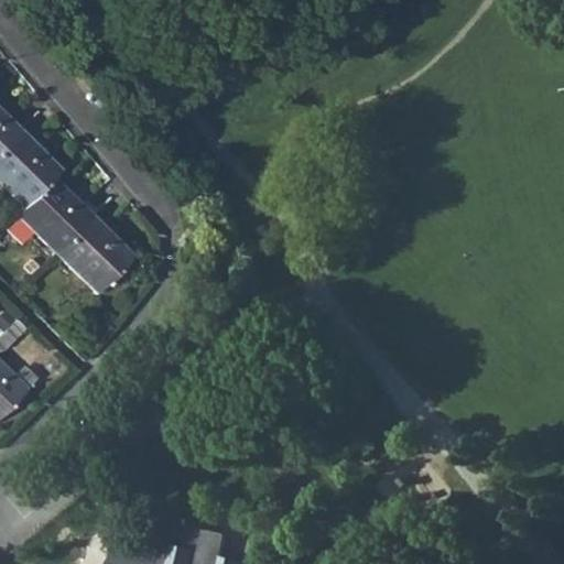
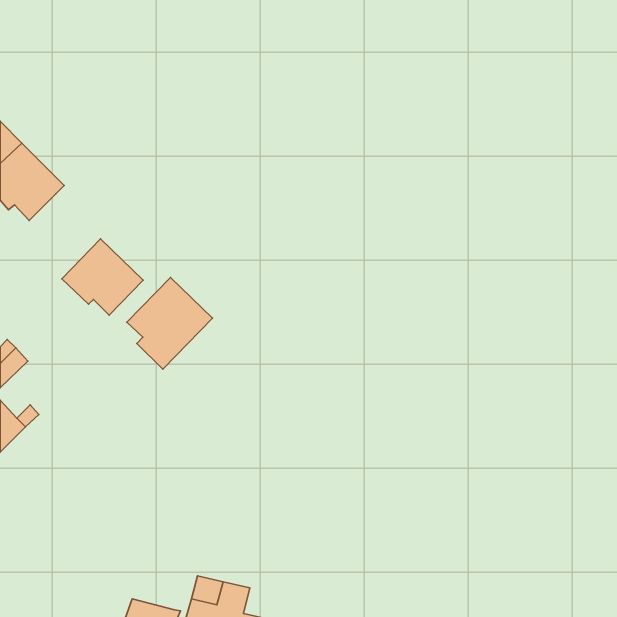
building: [22,178,94,256] -> none
building: none -> [127,277,212,369]

